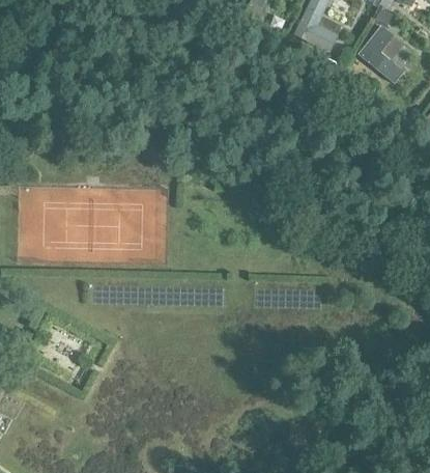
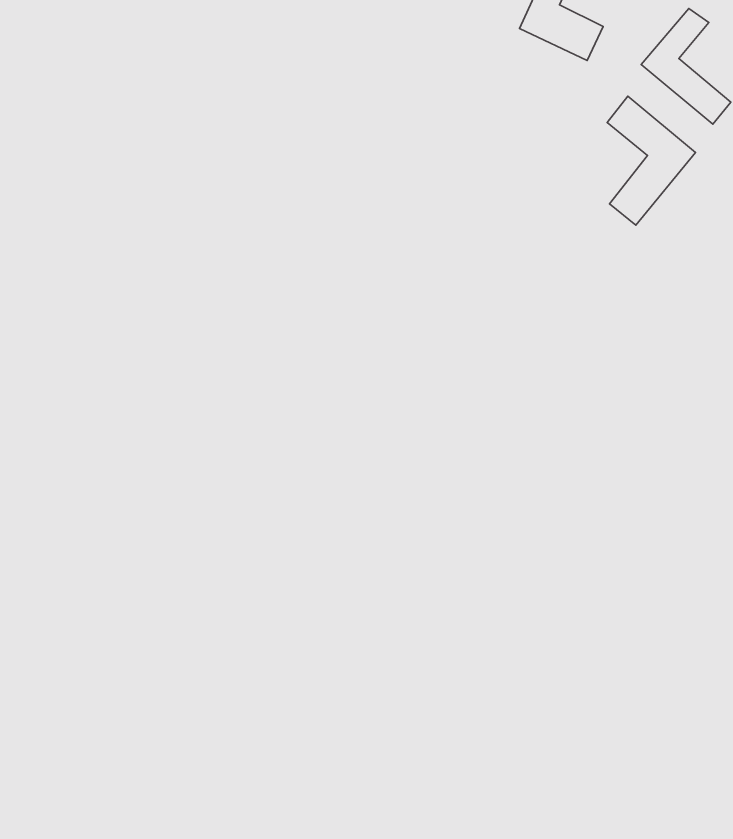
building: none -> [607,96,695,225]

